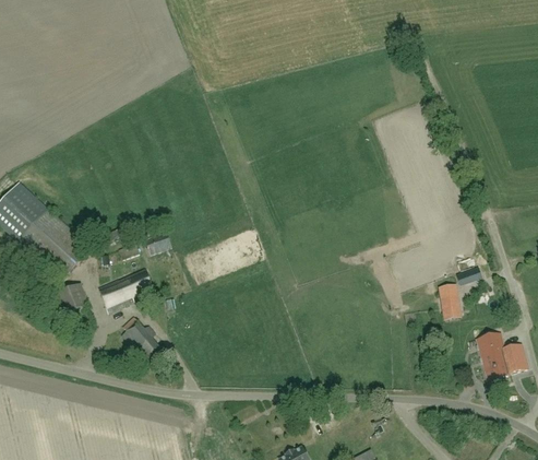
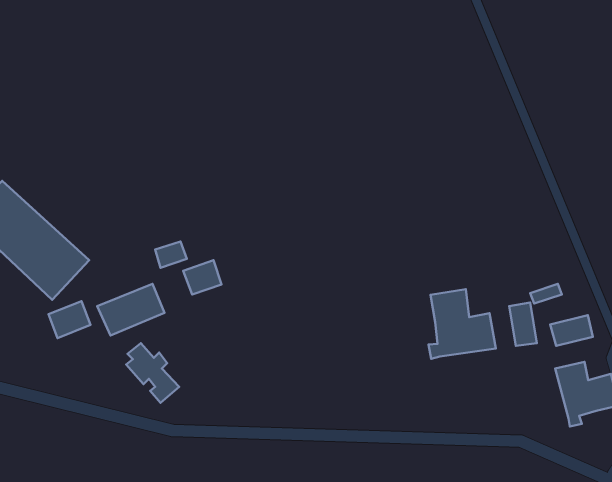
building: none -> [183,260,221,294]
building: none -> [429,289,496,359]
building: none -> [550,315,593,346]

